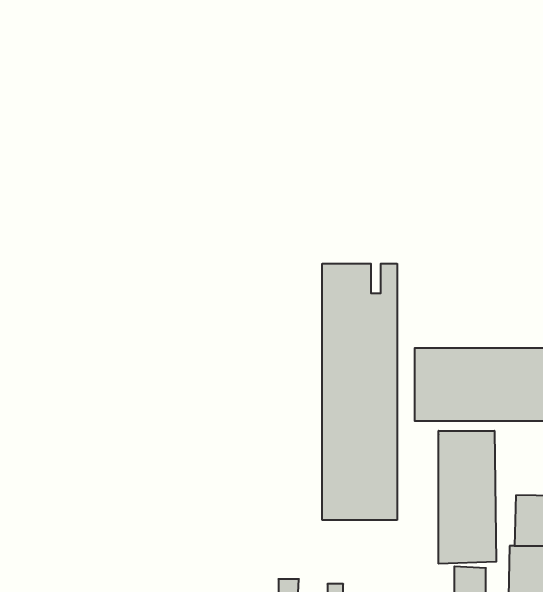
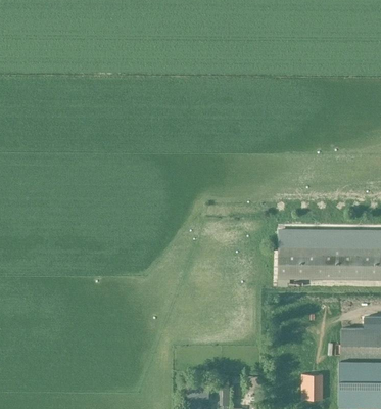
building: [322,264,397,520] -> none
building: [439,431,496,564] -> none

